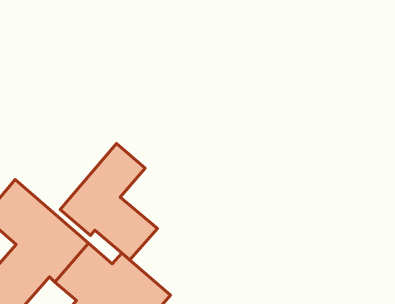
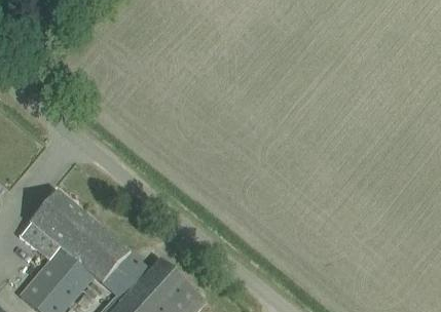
building: [60,143,157,260] -> none

